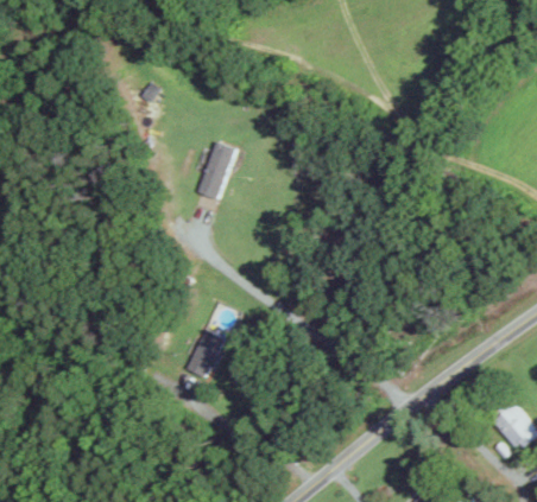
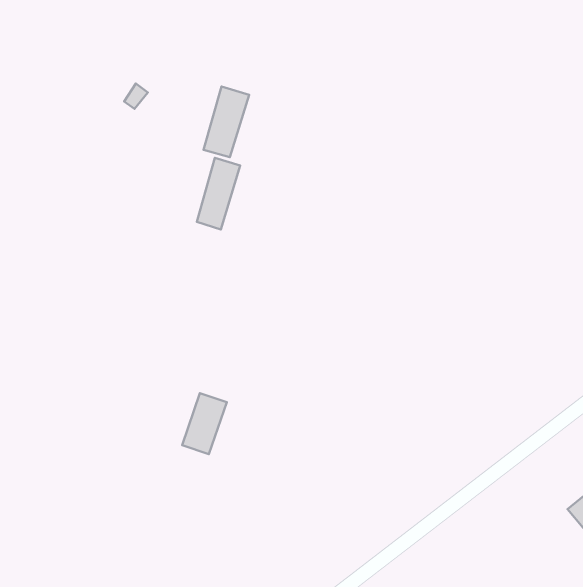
building: none -> [203,87,249,157]

